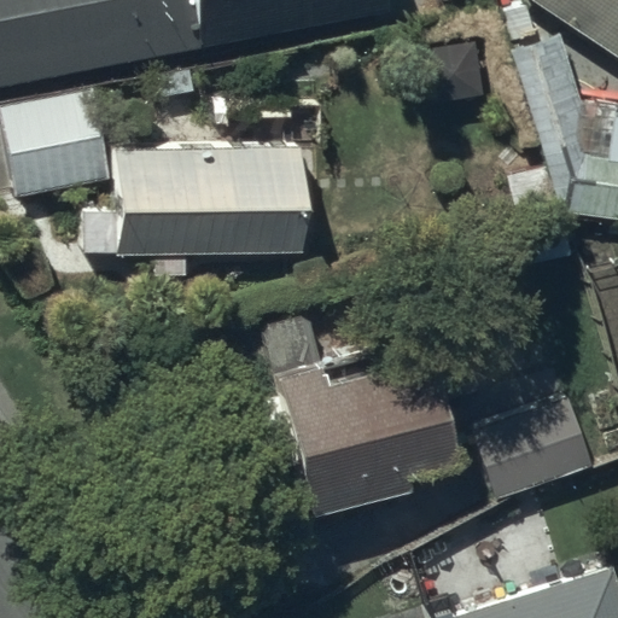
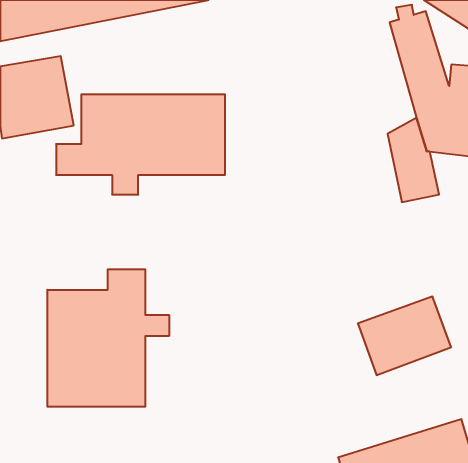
building: [263,313,486,507] -> none
building: none -> [47,269,169,407]

